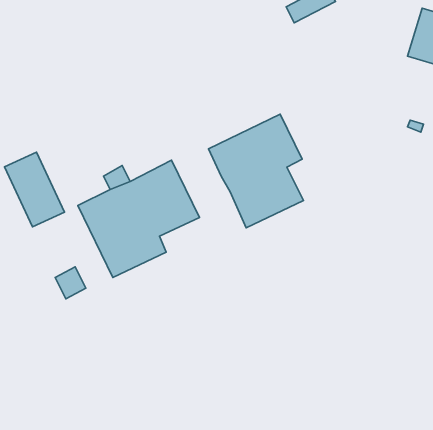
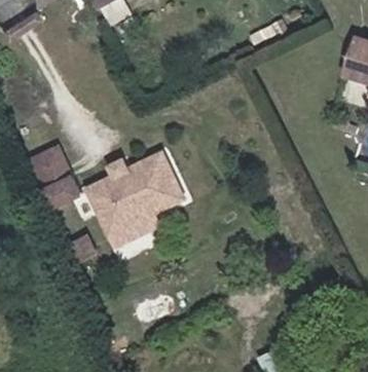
building: [208,114,304,228] -> none

